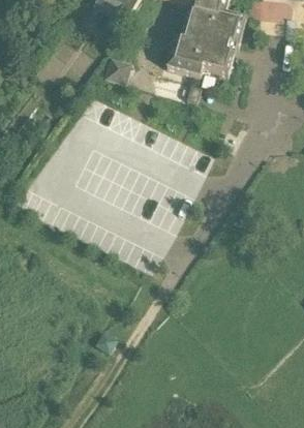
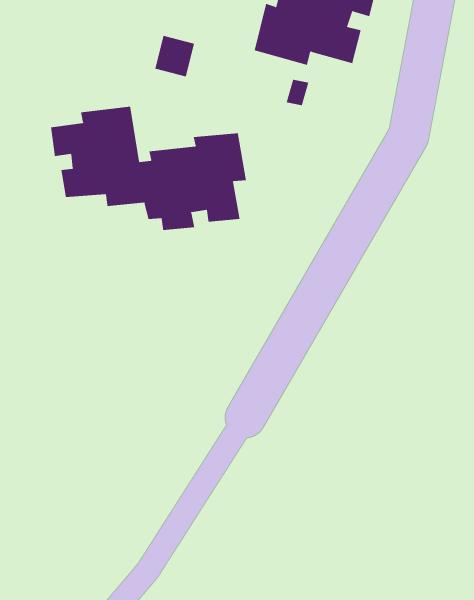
building: none -> [50,106,246,231]

